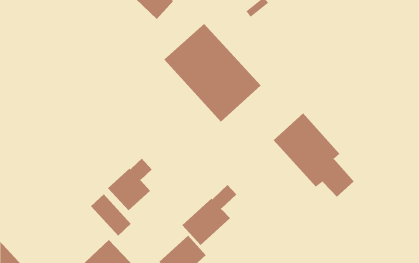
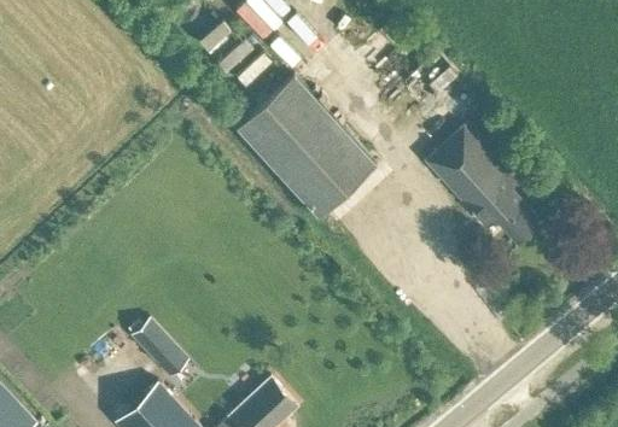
building: [273,112,355,198] -> [424,121,541,242]
building: [107,158,152,211] -> none
building: [182,184,237,246] -> none

